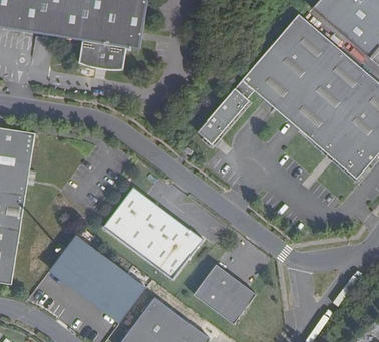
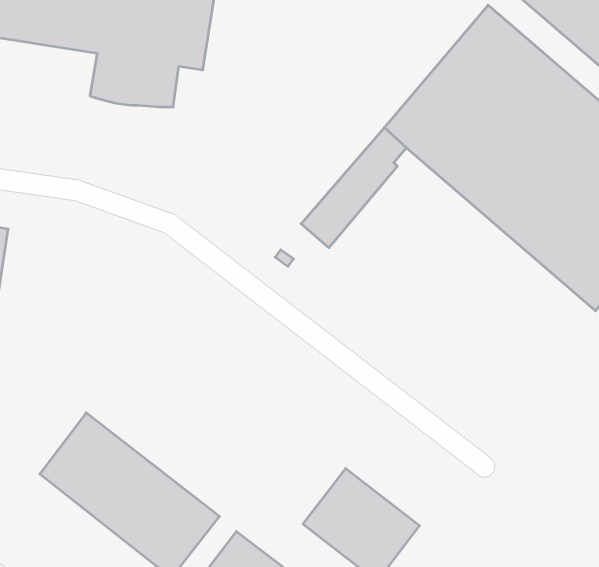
building: [103,186,204,278] -> none

